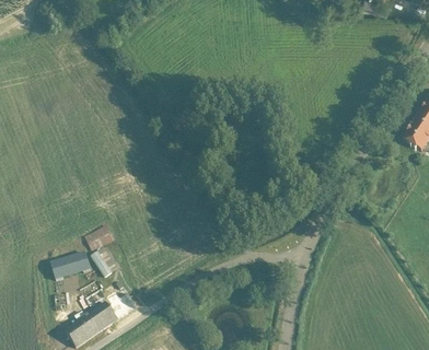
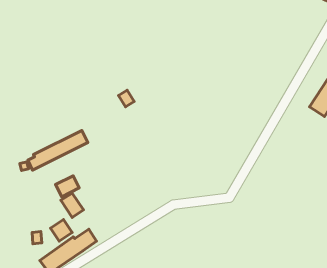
building: none -> [28,130,88,170]
building: [49,254,90,281] -> none

